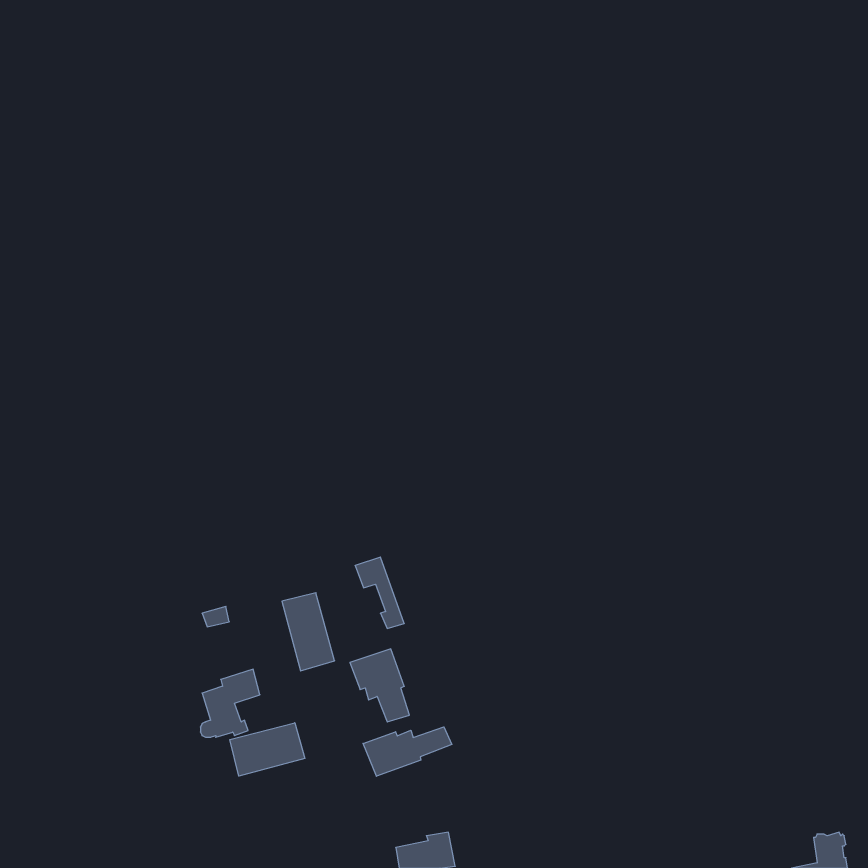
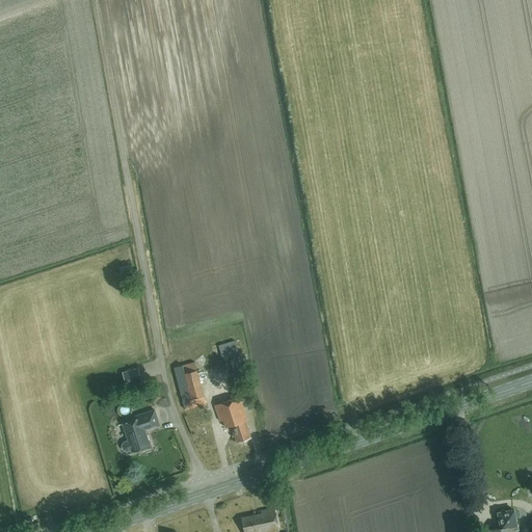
building: [230,723,305,776] -> none
building: [363,727,452,776] -> none

